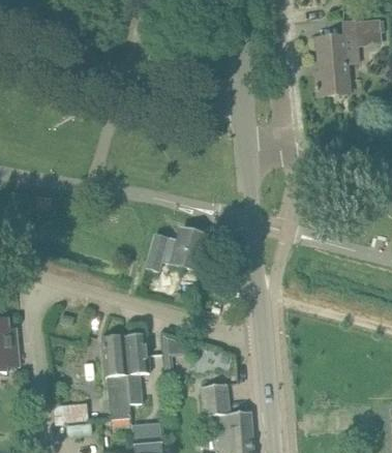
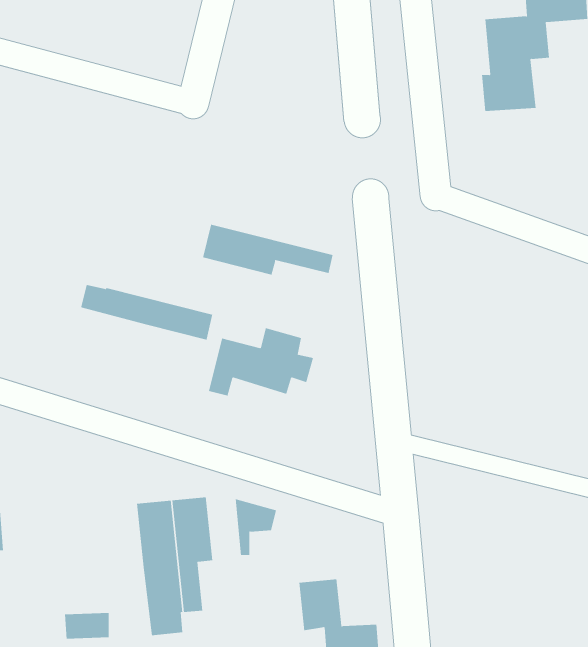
building: none -> [203,224,333,275]
building: none -> [81,284,213,340]

